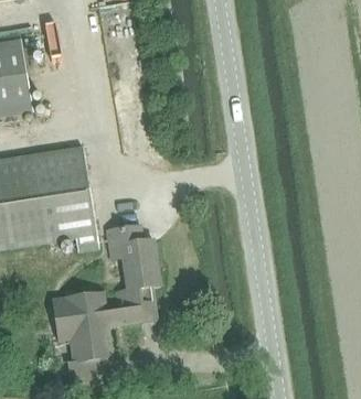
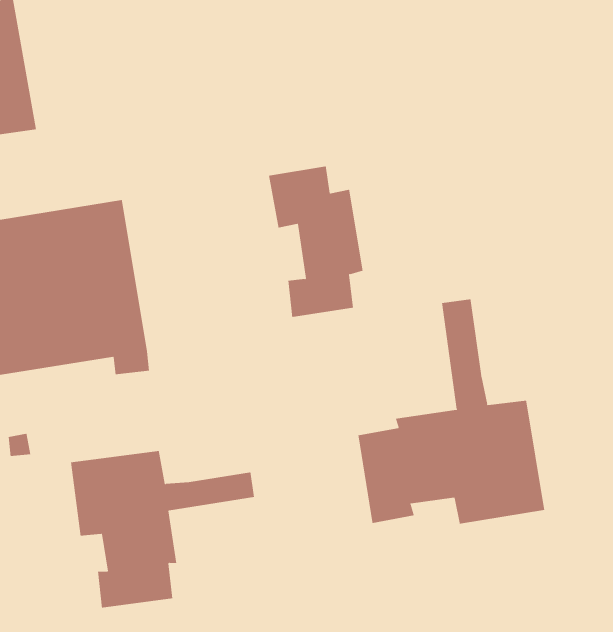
building: none -> [358,298,545,524]
building: [106,222,160,308] -> [268,166,363,318]

